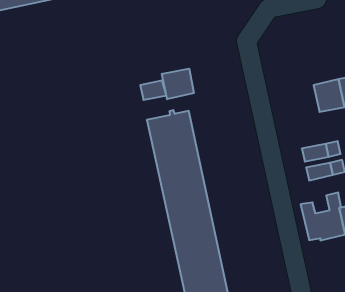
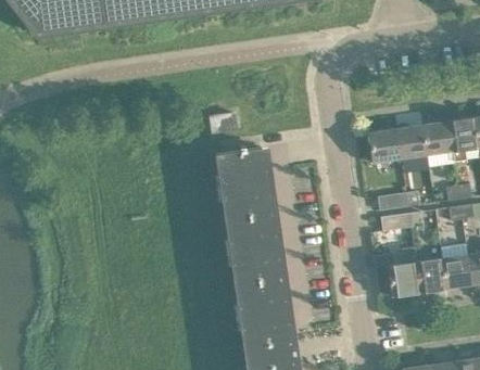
building: [162,69,194,99] -> none
building: none -> [369,129,402,163]

